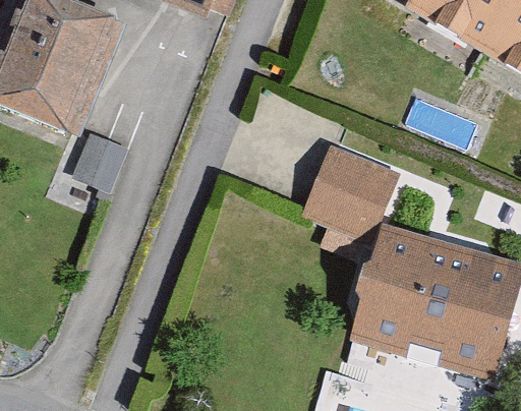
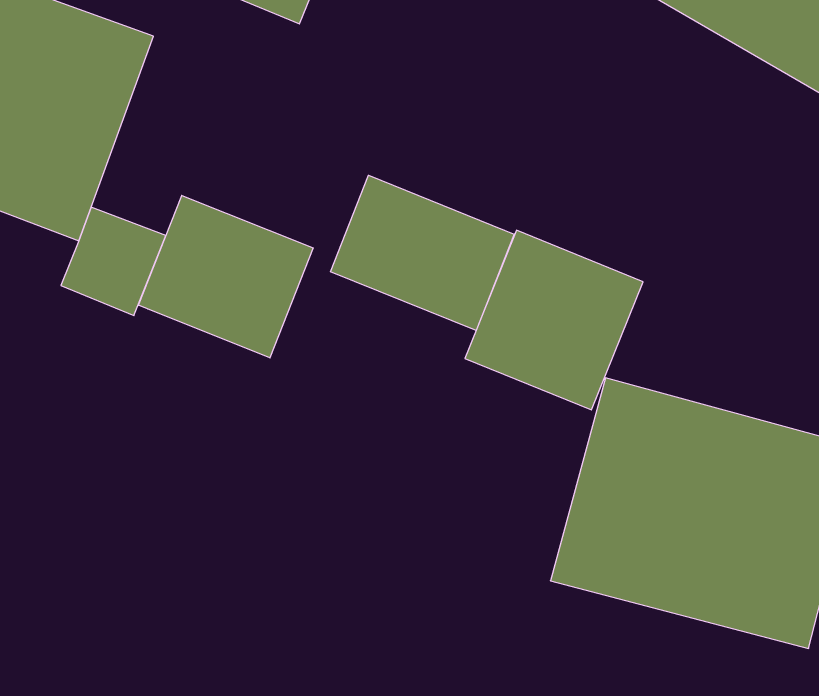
building: none -> [330,175,514,330]
building: none -> [138,195,313,358]

